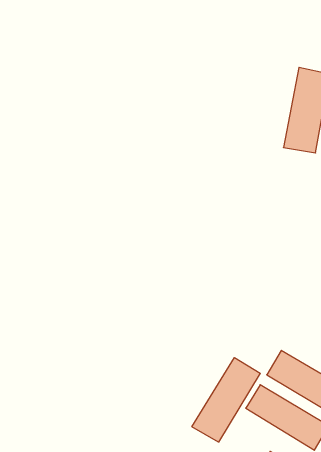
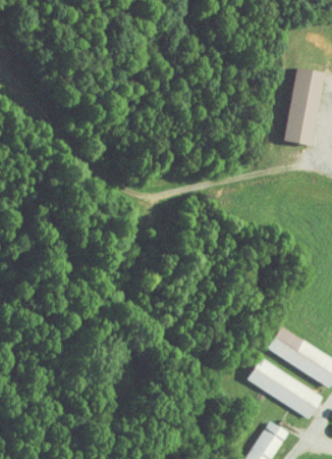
building: [192,358,260,442] -> none

